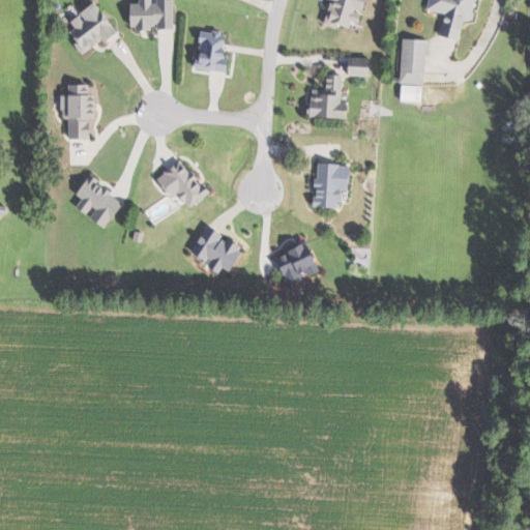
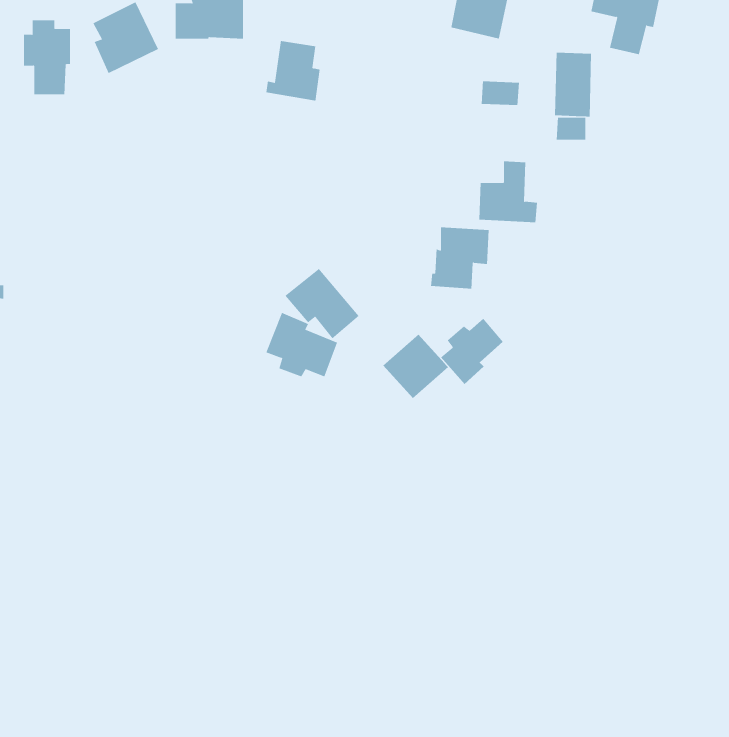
building: [306,73,349,118] -> [478,161,538,223]
building: [60,84,94,138] -> [23,20,71,95]
building: [154,157,208,208] -> [285,268,360,339]
building: [73,176,123,227] -> none
building: none -> [440,318,504,385]

